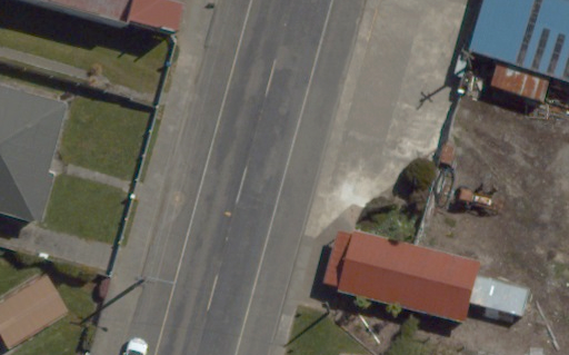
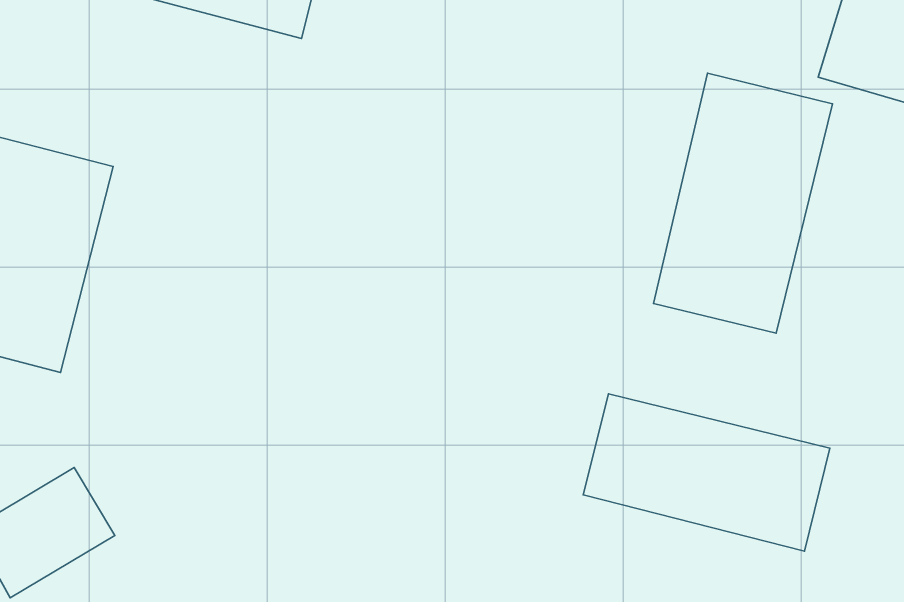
building: none -> [653,73,833,333]

